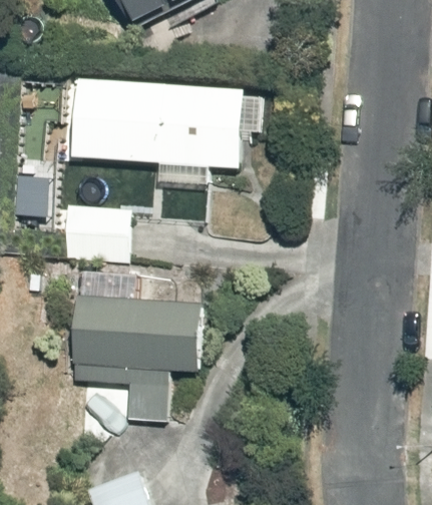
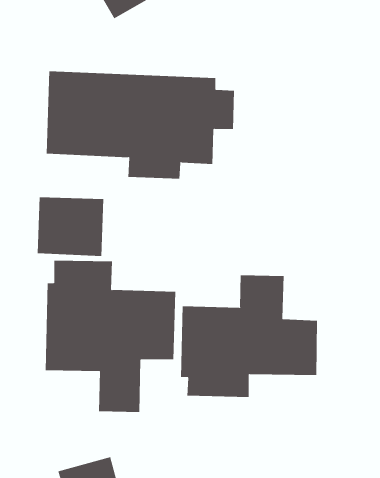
building: none -> [181,274,318,398]

